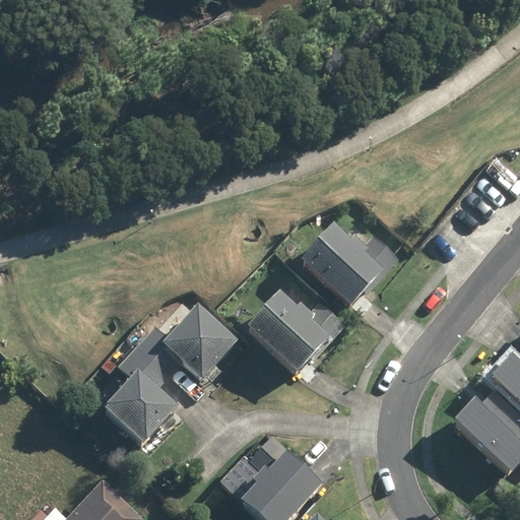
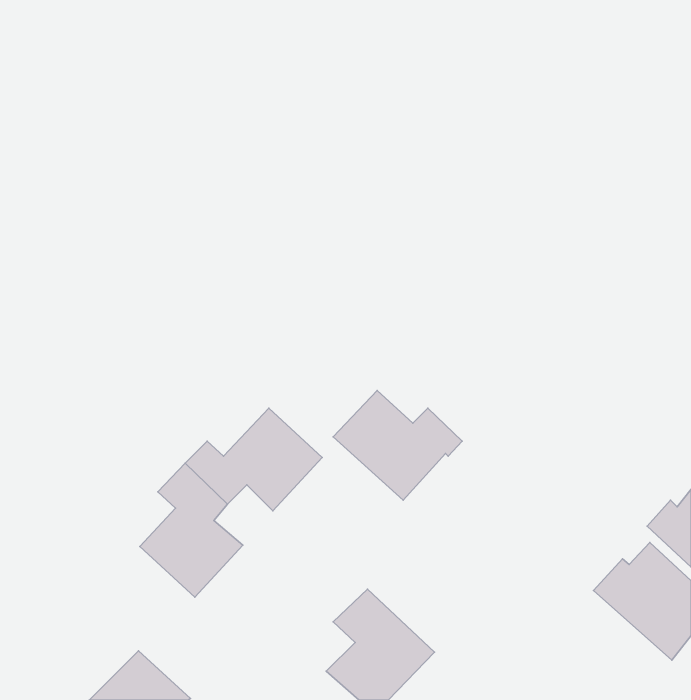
building: [303,222,397,304] -> none

